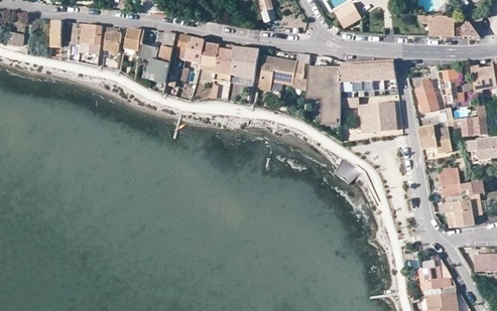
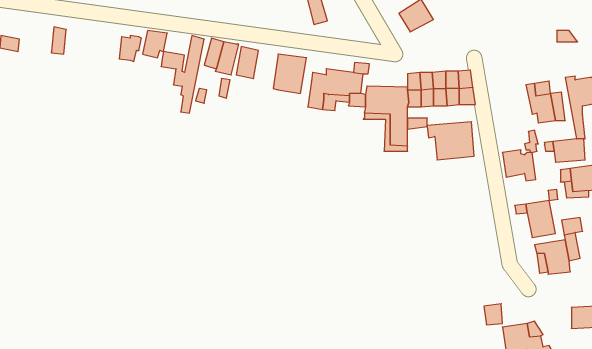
building: [417,15,454,36] -> none
building: [71,22,103,53] -> none
building: [214,43,235,82] -> none
building: [414,79,440,113] -> none

